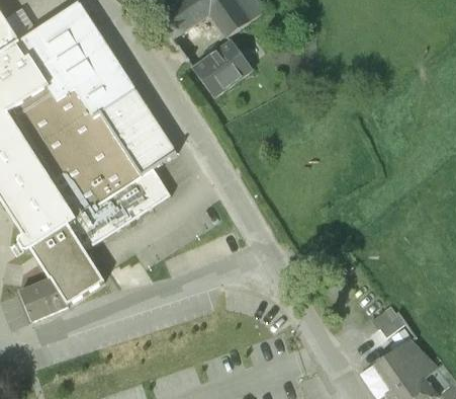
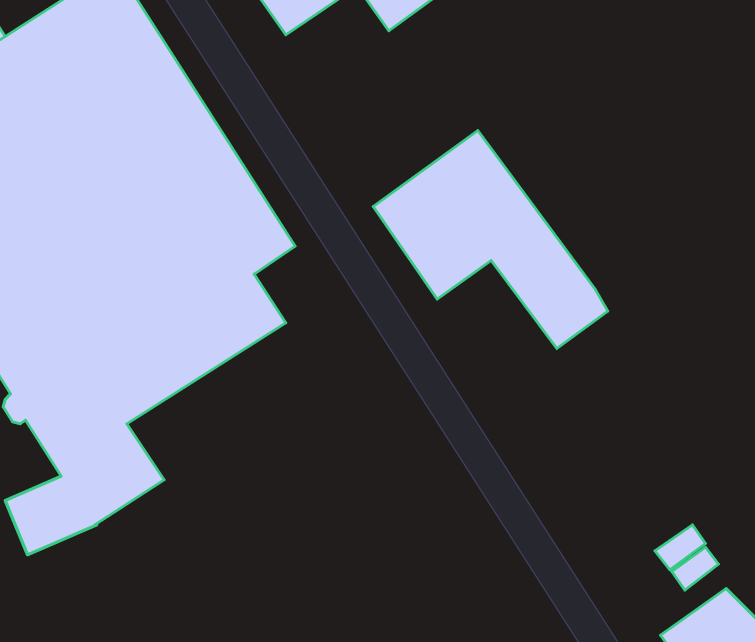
building: [193,39,252,95] -> none
building: none -> [373,131,608,348]

